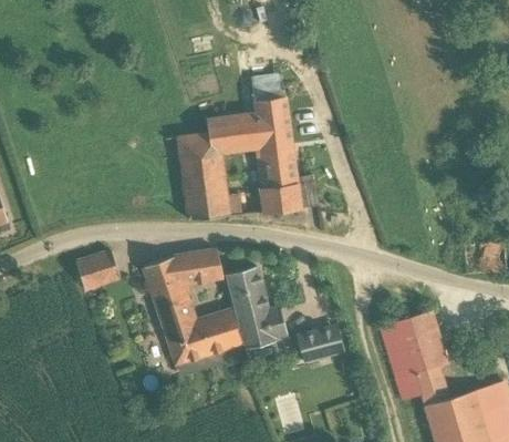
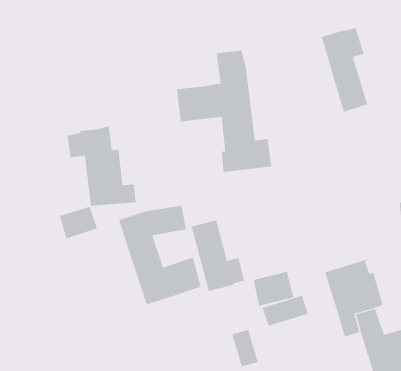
building: none -> [321,27,368,112]
building: [162,127,241,219] -> [67,126,137,206]
building: none -> [262,295,308,327]

